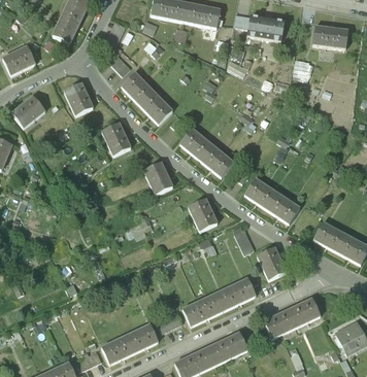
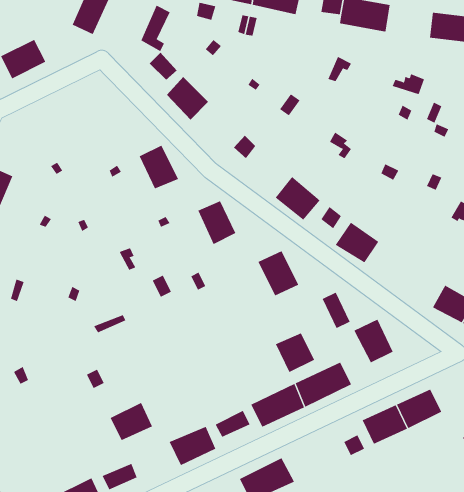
building: [64,81,92,113] -> none
building: [139,91,172,124] -> none
building: [12,96,44,126] -> none
building: [179,128,212,160] -> none
building: [265,192,299,222] -> none
building: none -> [275,333,315,373]
building: [205,332,247,365] -> none
building: [101,336,132,364] -> [110,402,153,441]

